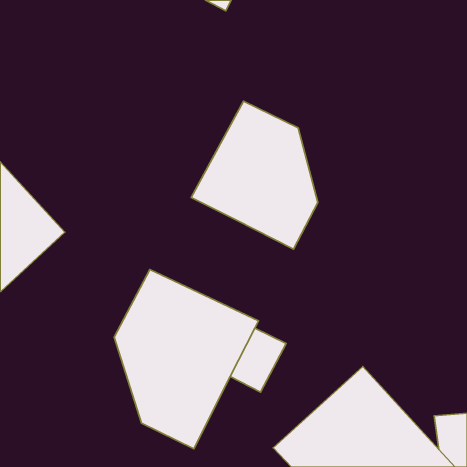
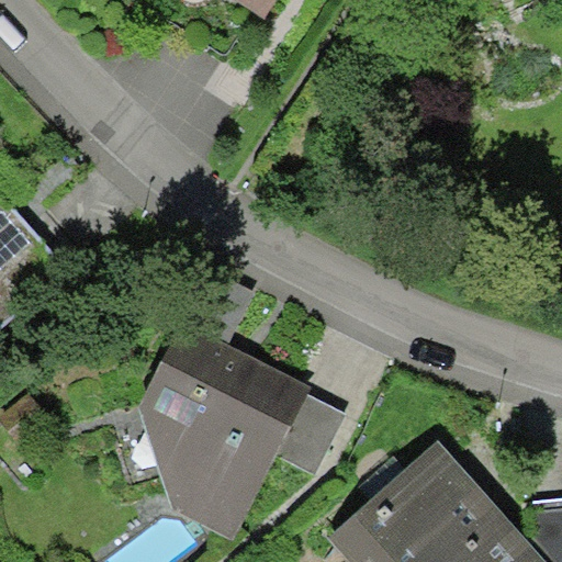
building: [191,101,318,249] -> none

